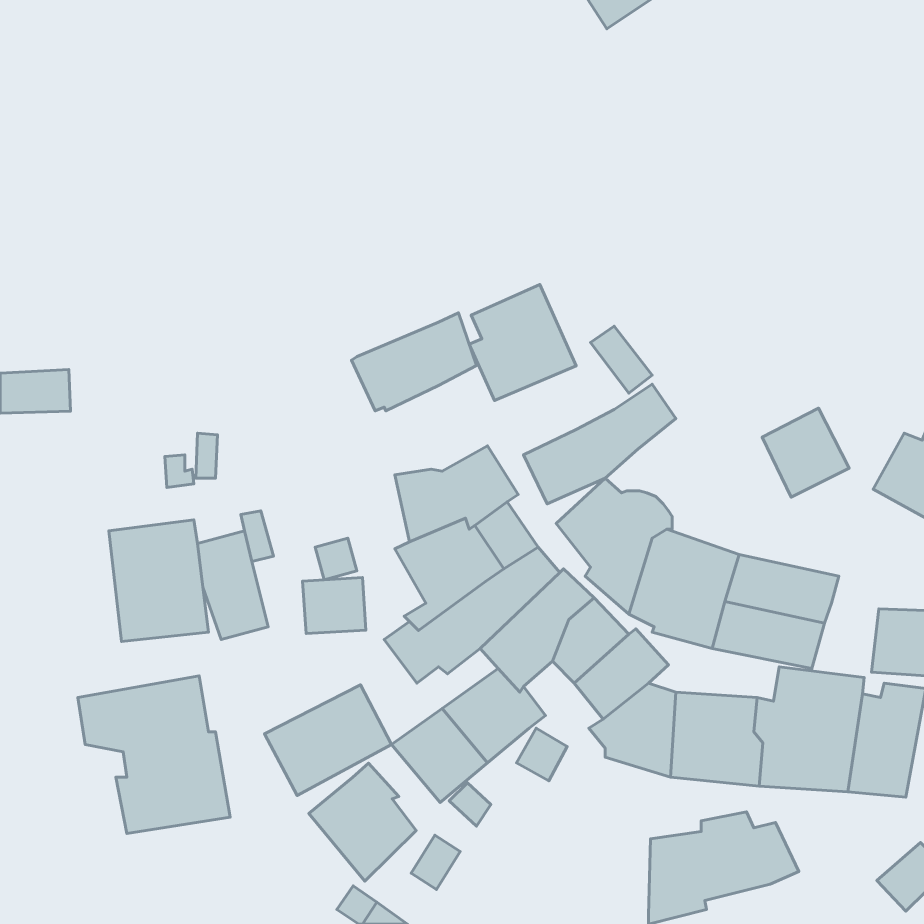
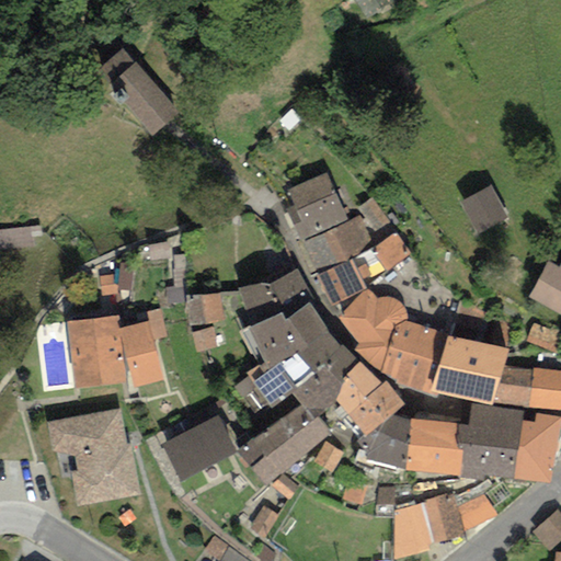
building: none -> [98,43,182,133]
building: [352,313,477,411] -> [297,216,373,275]
building: [762,408,849,497] -> [456,182,508,236]
building: [303,577,366,634] -> [186,289,225,323]
building: none -> [492,365,533,407]
building: [309,763,416,881] -> none

